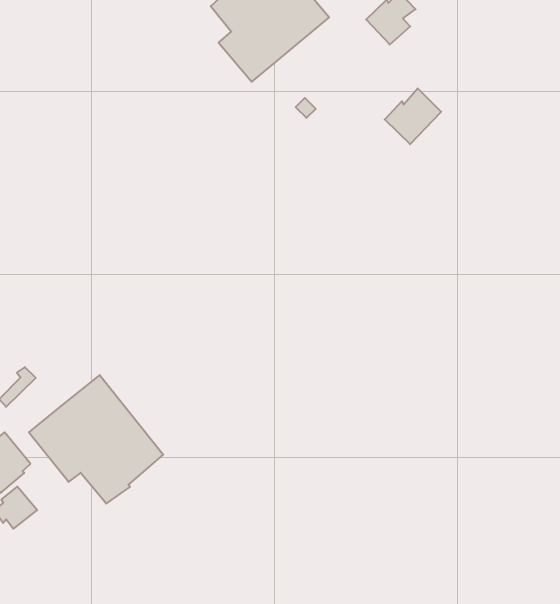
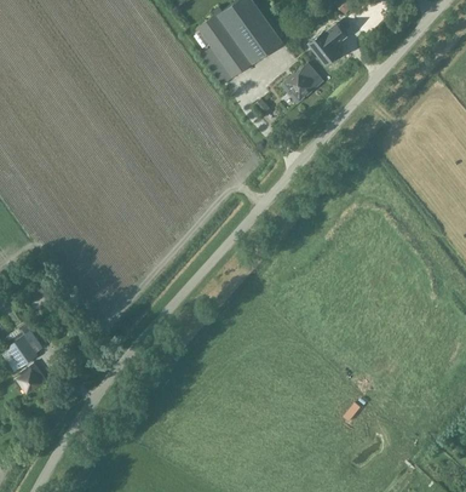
building: [385,88,441,144] -> [281,63,322,103]
building: [29,375,163,504] -> none

